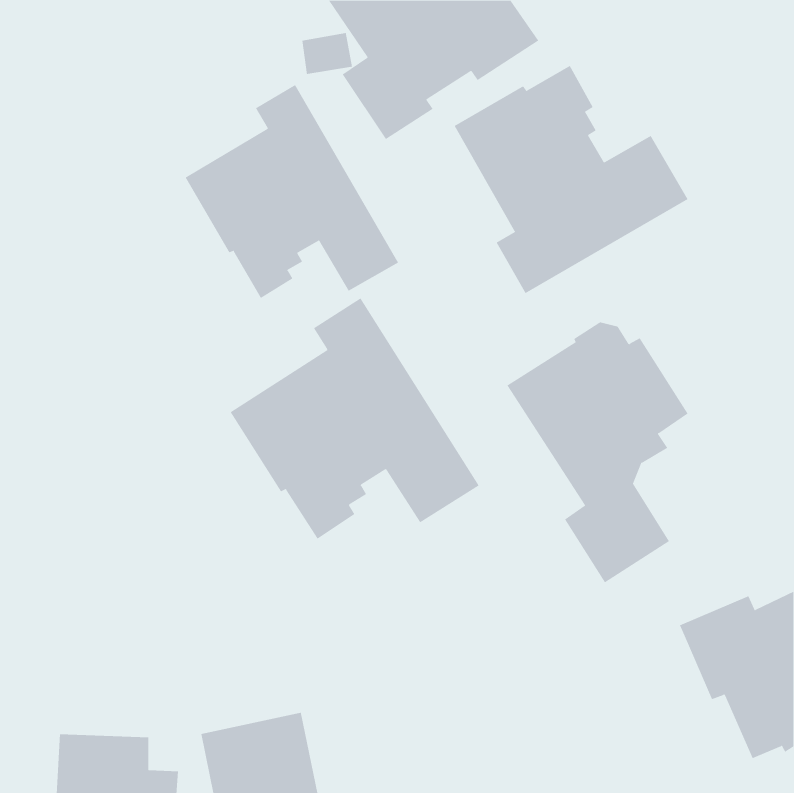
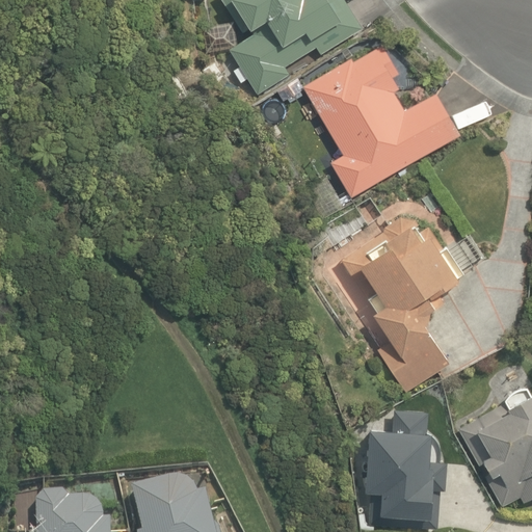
building: [185,84,399,299] -> none
building: [230,298,479,540] -> none
building: none -> [366,407,437,526]

